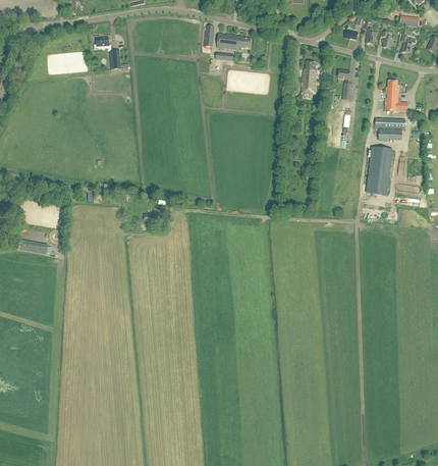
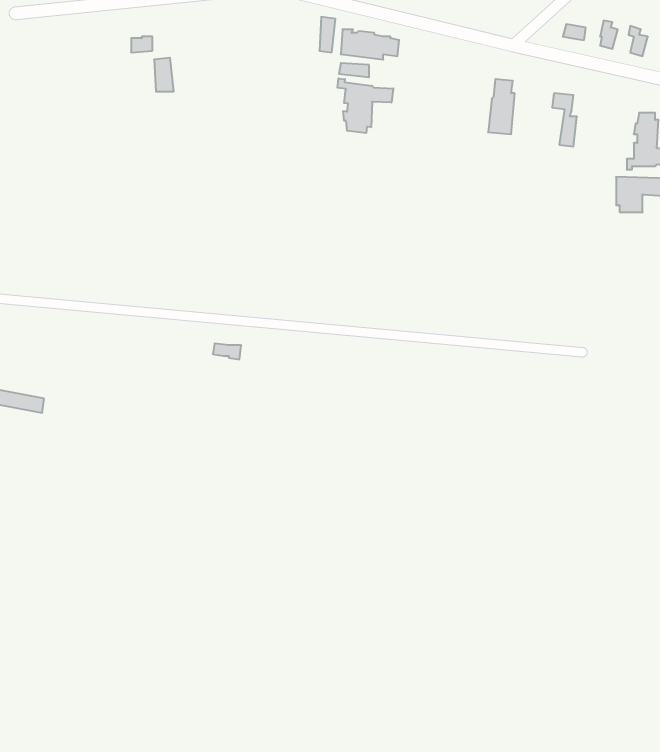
building: none -> [337,78,393,133]
building: [366,147,391,195] -> none

